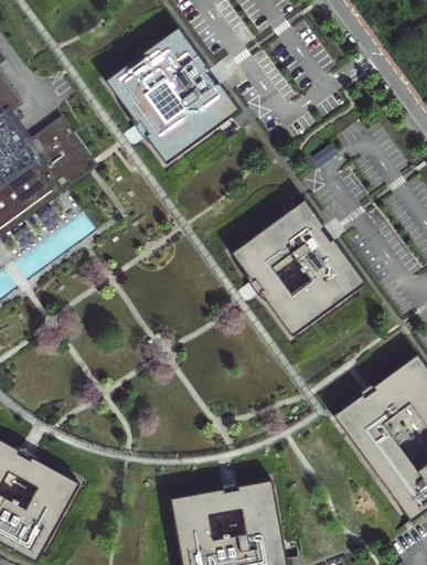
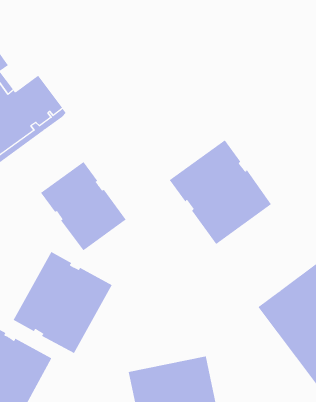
building: [103,26,237,163] -> none
building: none -> [40,161,126,251]
building: none -> [13,251,113,354]

